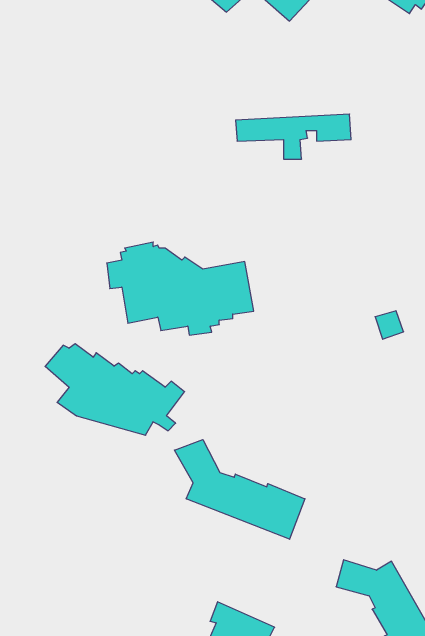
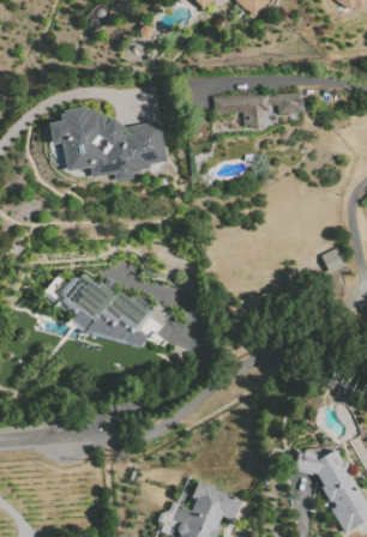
building: [107,242,254,335] -> [50,107,168,181]
building: [174,440,305,539] -> none

